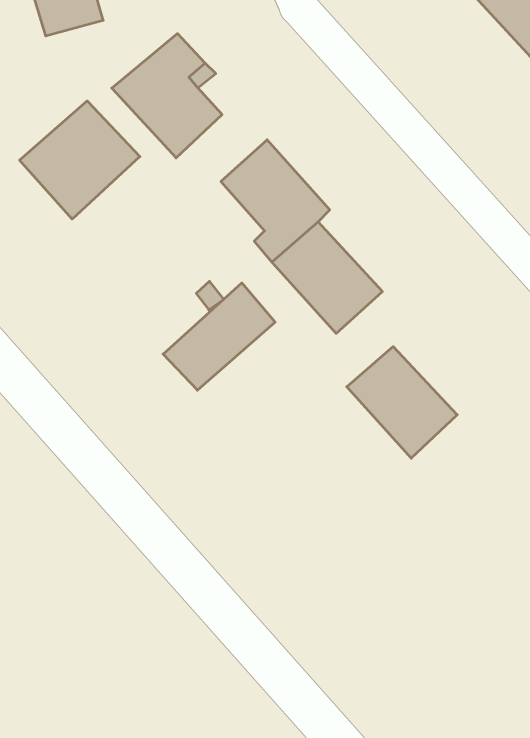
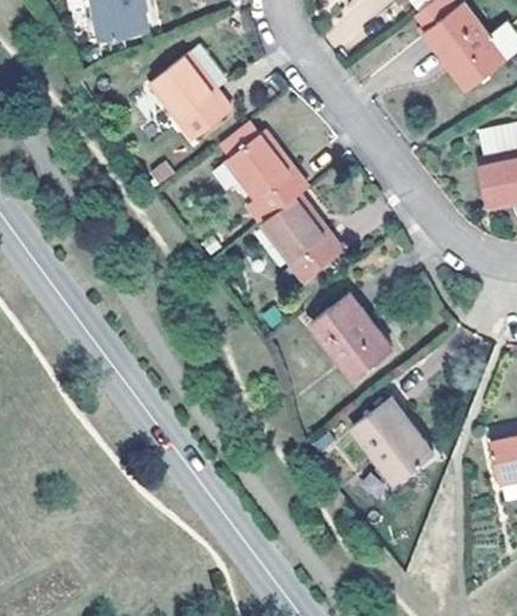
building: [20,101,140,219] -> none
building: [163,283,275,390] -> none
building: none -> [352,401,432,484]

